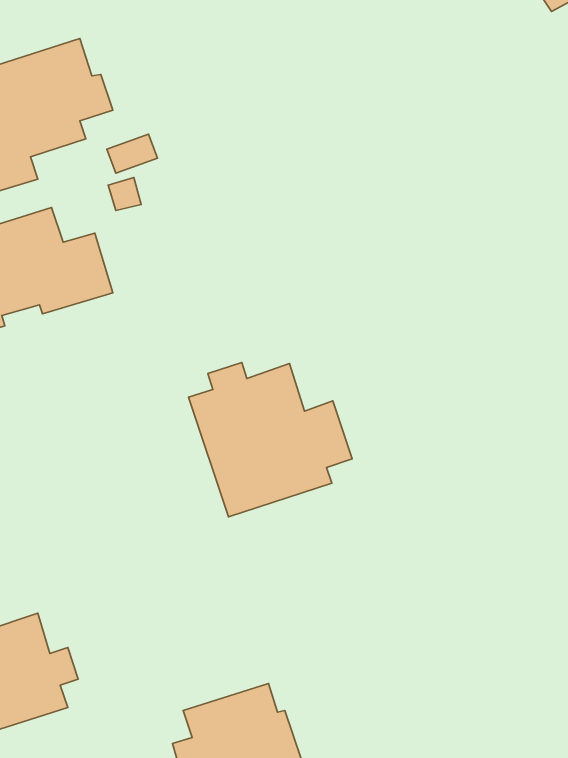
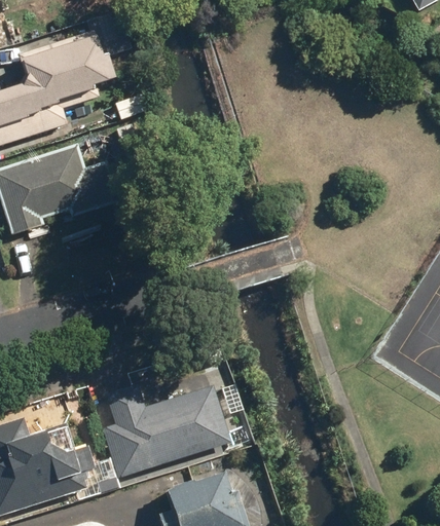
building: [189,363,352,517] -> none
building: none -> [94,378,230,493]

